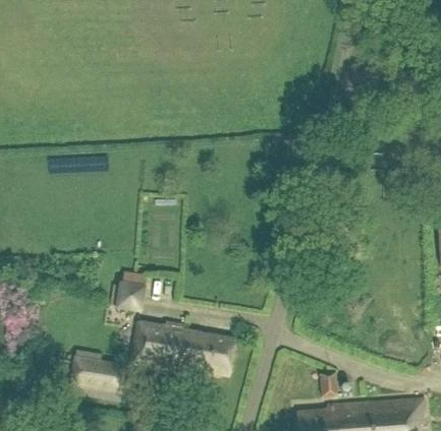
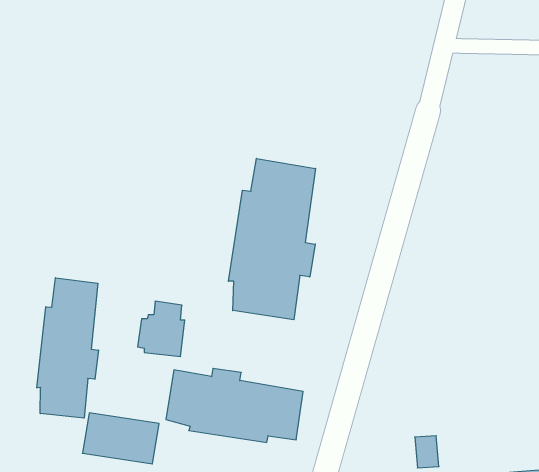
building: none -> [228,158,316,320]
building: none -> [37,278,98,418]

